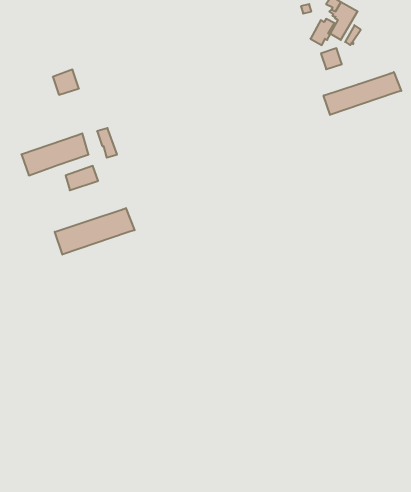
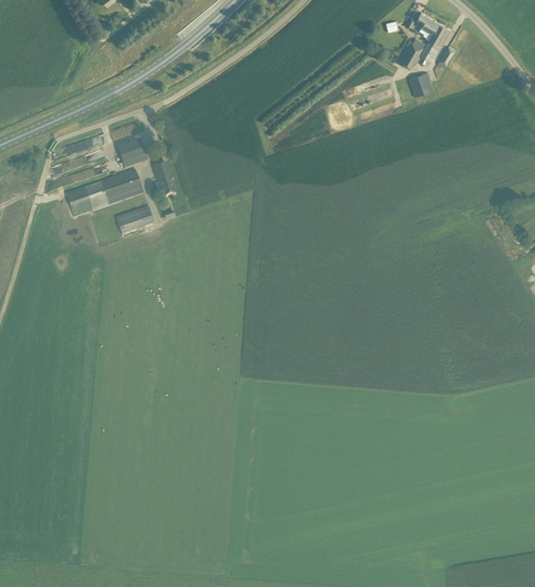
building: [53,70,79,95] -> [116,138,146,167]
building: [324,72,401,115] -> none
building: [55,208,135,255] -> none

